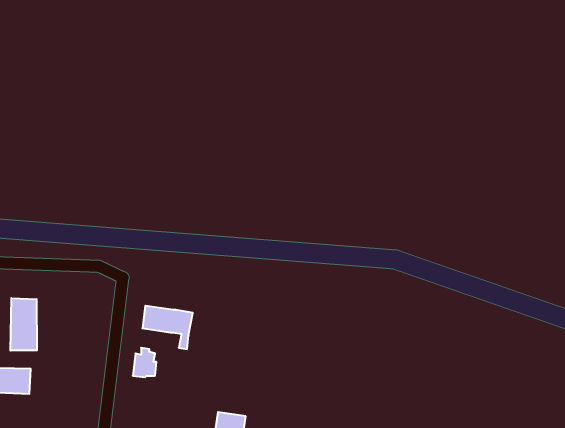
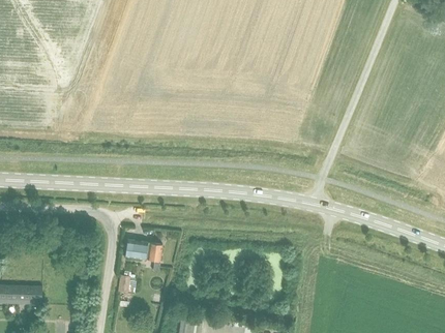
building: [10,298,37,351] -> none

